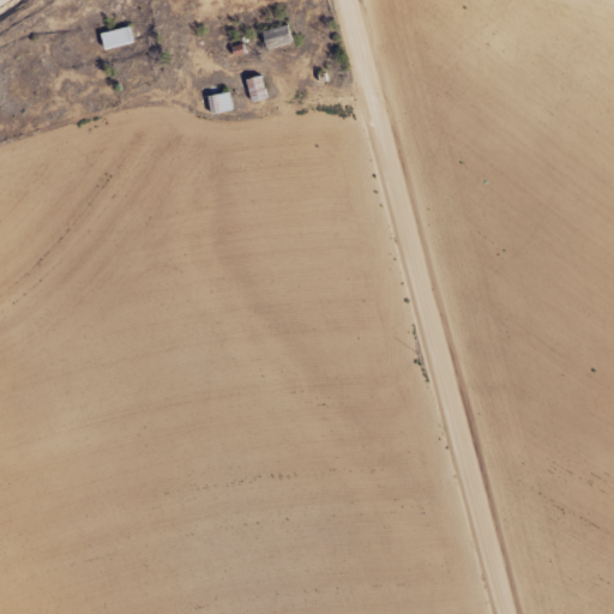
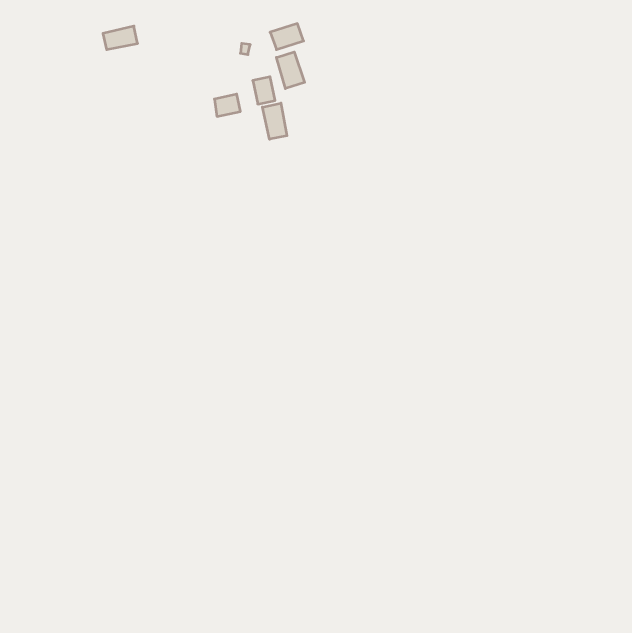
building: none -> [276,52,305,89]
building: none -> [262,103,287,139]

